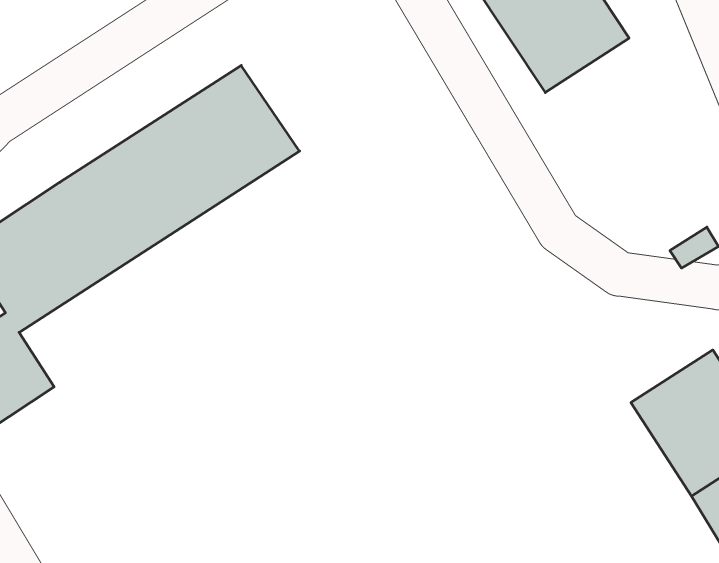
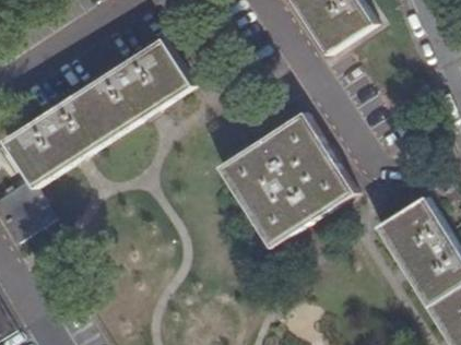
building: none -> [218,114,354,246]

